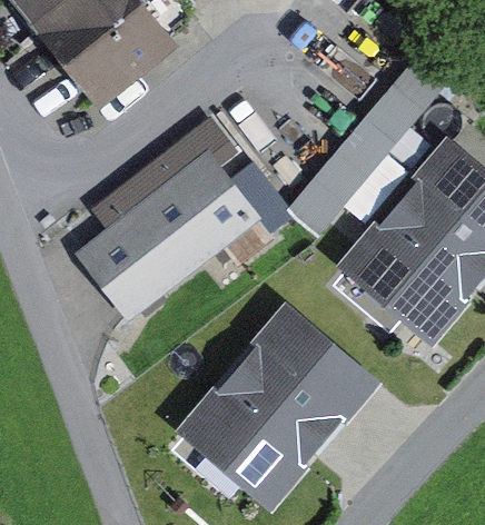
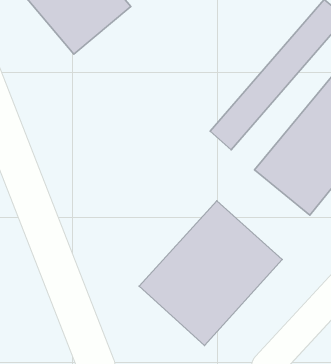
building: [89,147,258,311] -> none

